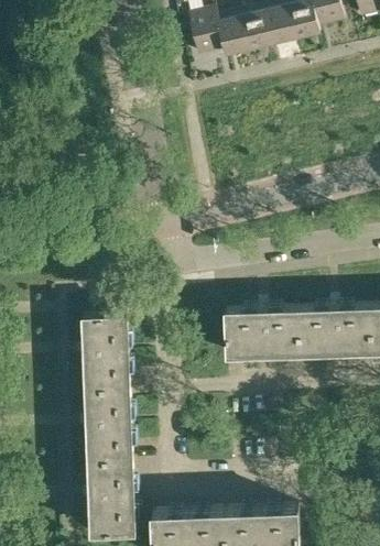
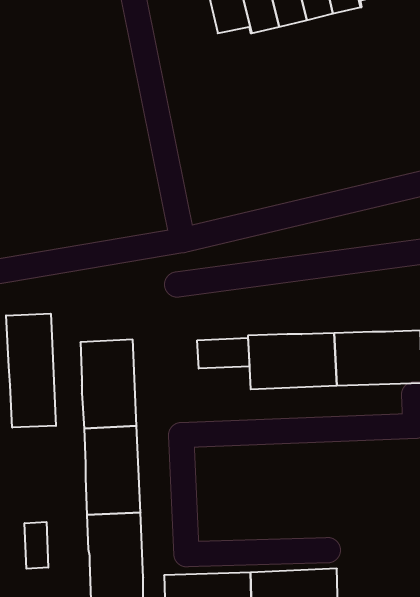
building: none -> [6,314,56,428]
building: none -> [197,338,249,369]
building: none -> [25,522,48,569]

